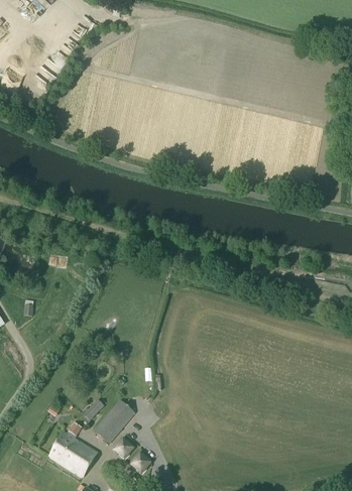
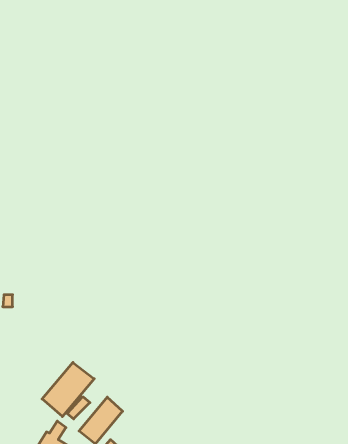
building: none -> [42,362,94,417]

